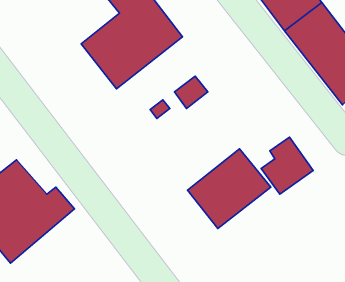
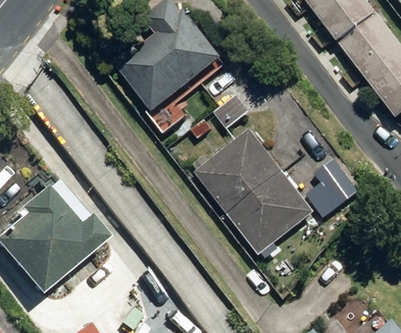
building: none -> [197,130,284,214]

